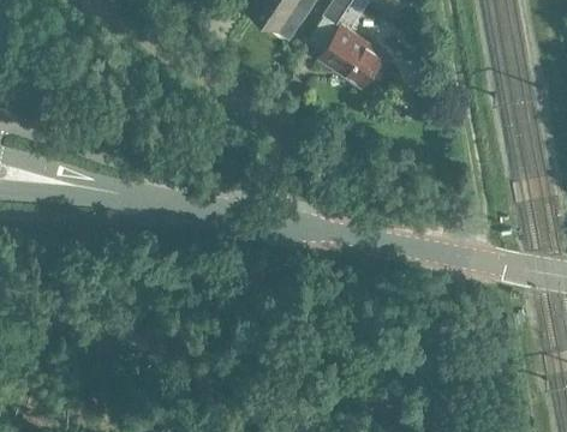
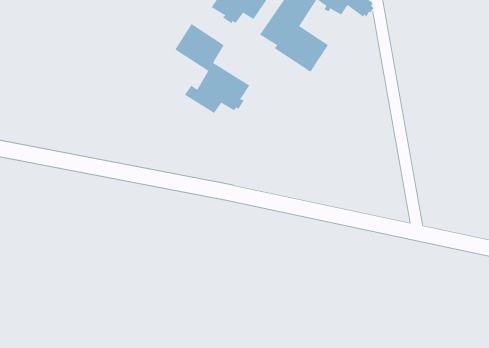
building: none -> [174,23,250,114]

